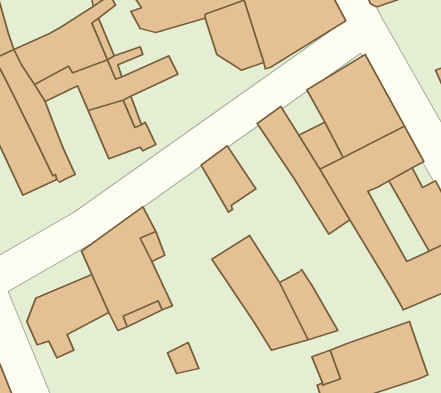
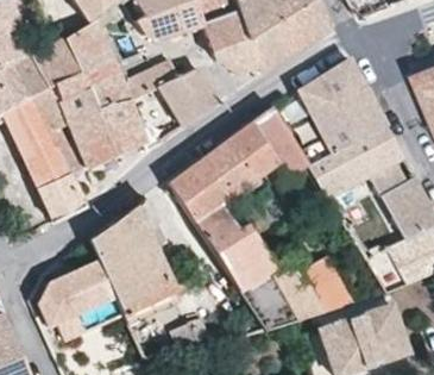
building: none -> [157,68,216,126]
building: none -> [56,88,117,171]
building: none -> [222,123,283,188]
building: none -> [166,161,243,246]
building: none -> [36,174,83,223]
building: none -> [300,256,353,312]

